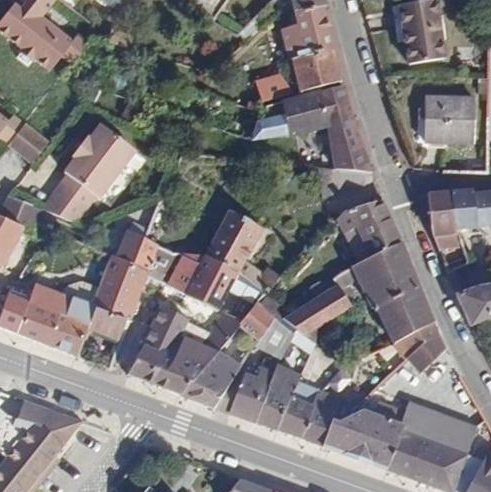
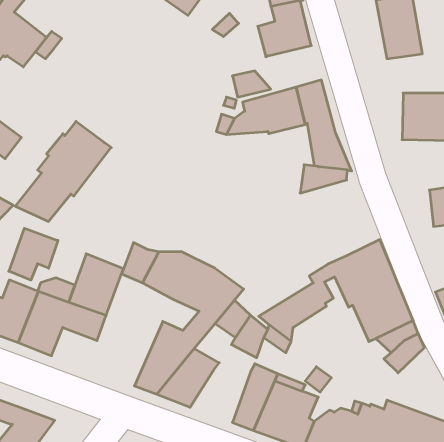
building: [291,49,342,90] -> none
building: [429,192,459,242] -> none
building: [339,197,402,257] -> none
building: [206,209,280,290] -> none
building: [116,223,158,270] -> none
building: none -> [9,228,58,280]
building: [128,304,190,386] -> none
building: [214,367,274,422] -> none

